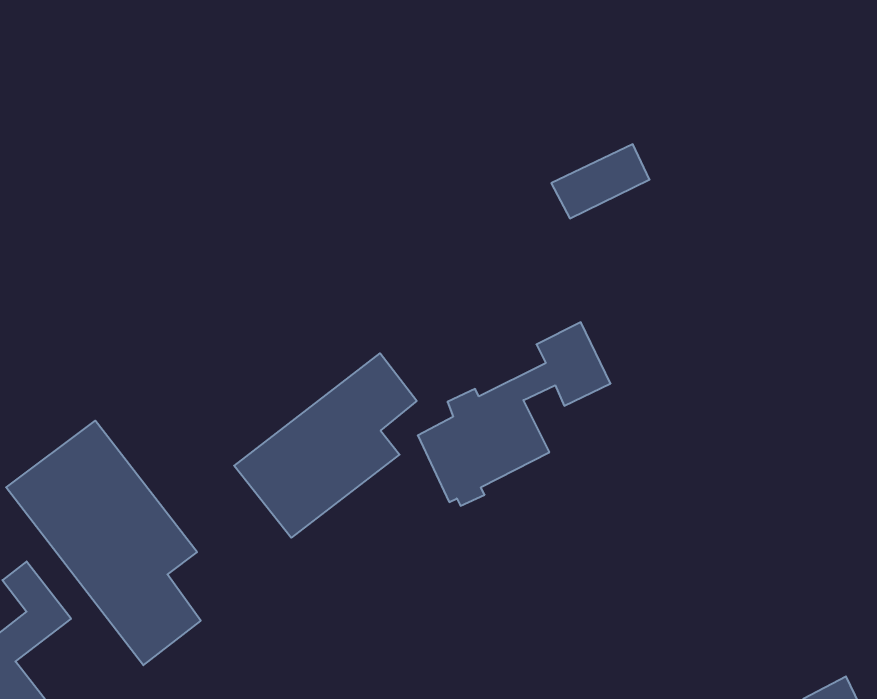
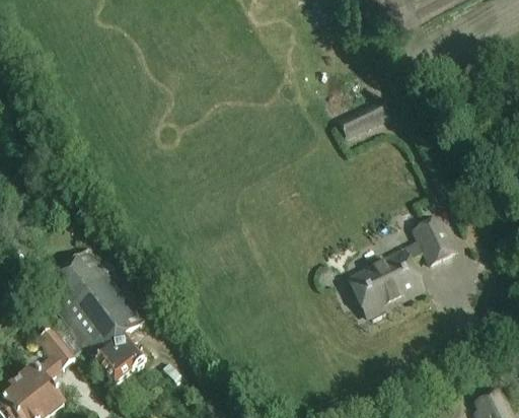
building: [418,322,611,506] -> [349,217,454,318]
building: [234,353,417,538] -> none

